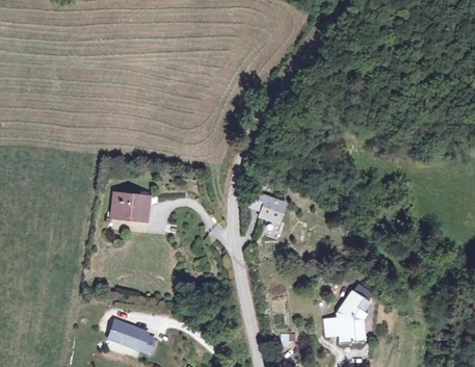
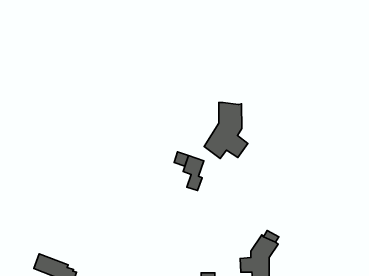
building: none -> [204,102,248,158]
building: [116,196,151,224] -> none

